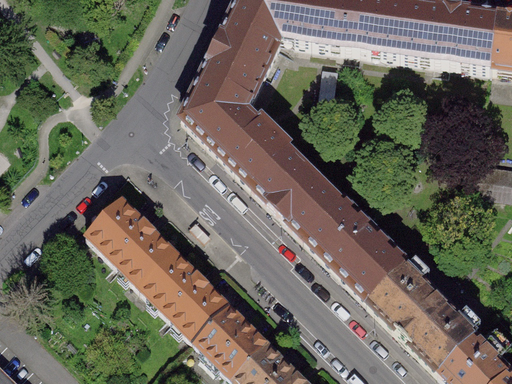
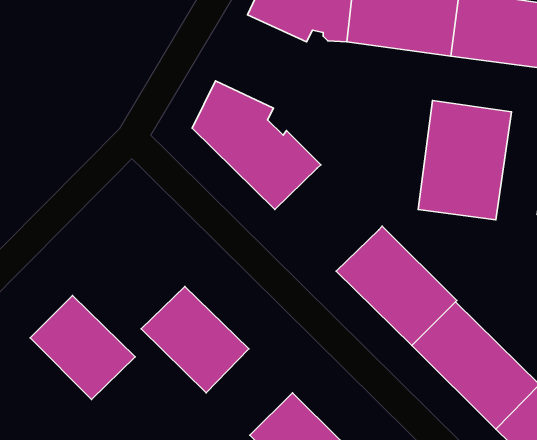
building: [203,21,280,100] -> none
building: none -> [418,101,511,220]
building: [253,151,341,238] -> none
building: [88,199,177,287] -> [30,295,135,399]
building: [195,304,268,377] -> none

